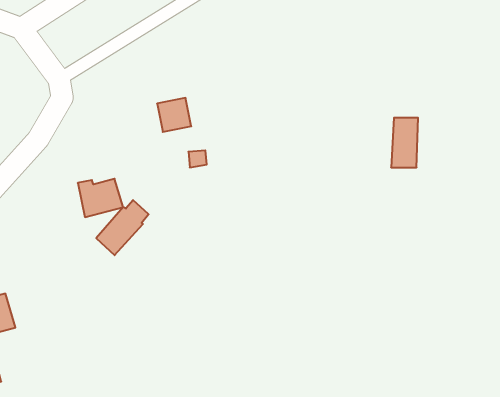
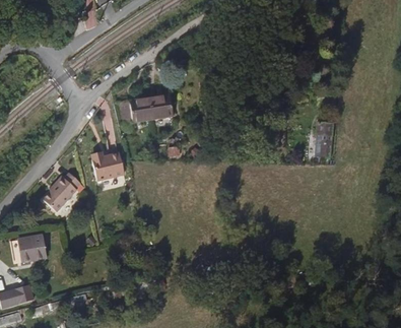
building: none -> [129,99,151,122]
building: [96,200,149,255] -> [43,172,80,211]

